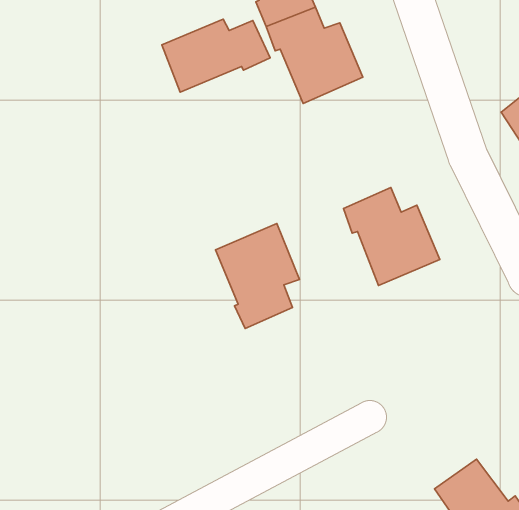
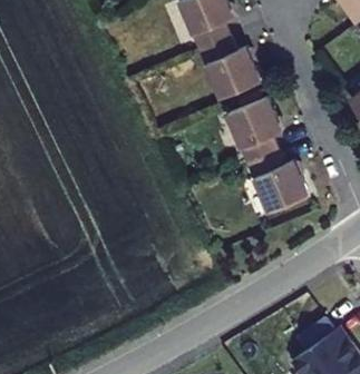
building: [162,19,270,92] -> none
building: [215,224,299,329] -> [226,97,280,164]

